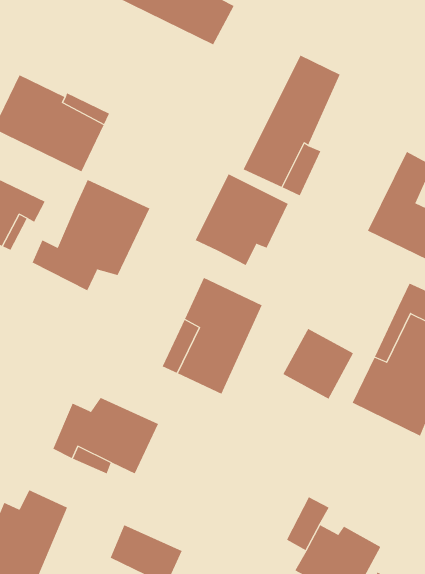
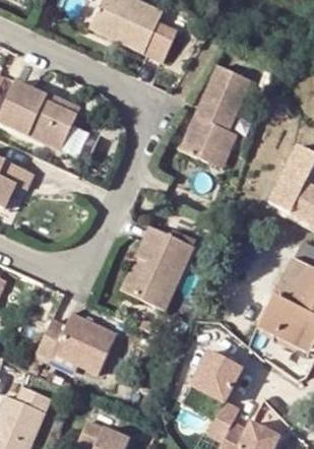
building: [195,174,289,266] -> none
building: [32,179,150,291] -> none
building: [283,328,354,399] -> [192,338,244,390]

